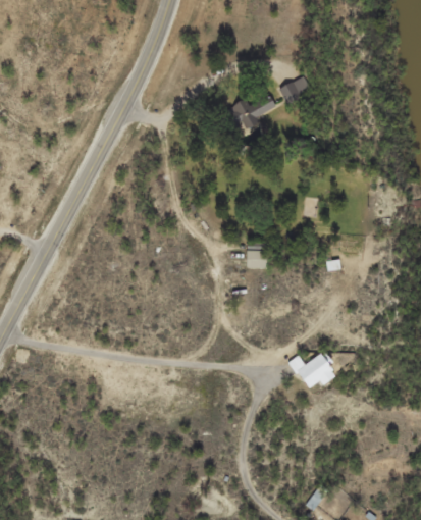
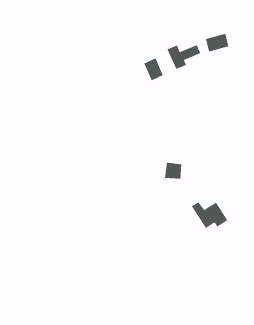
building: none -> [144,58,164,81]
building: [288,353,337,388] -> [191,201,228,229]

